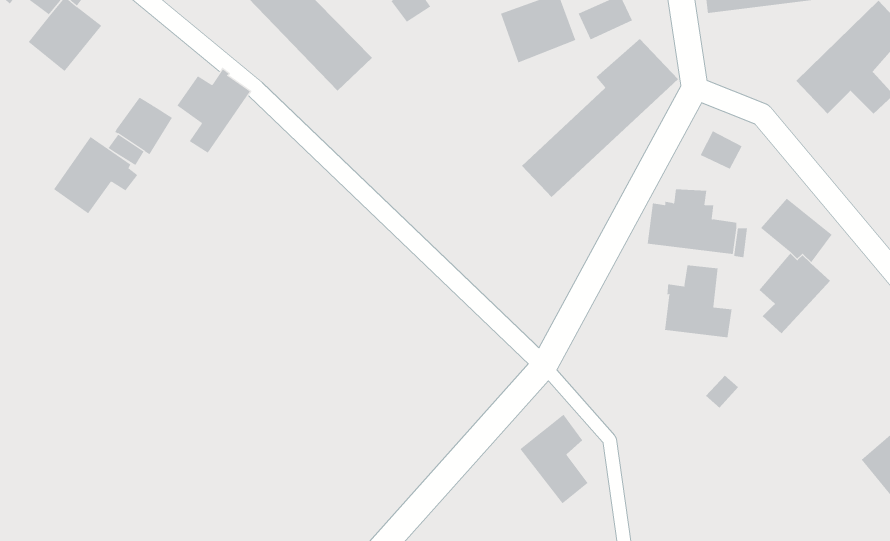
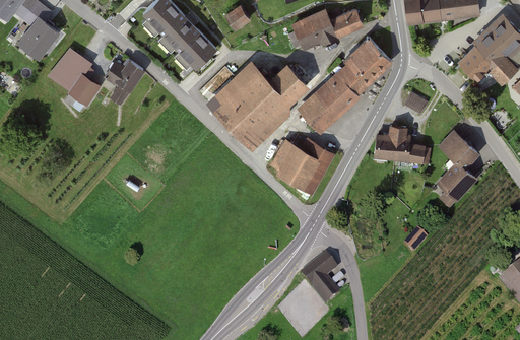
building: none -> [214,68,305,143]
building: [53,136,138,214] -> [48,46,96,90]
building: none -> [269,136,335,194]
building: [665,265,732,338] -> none

